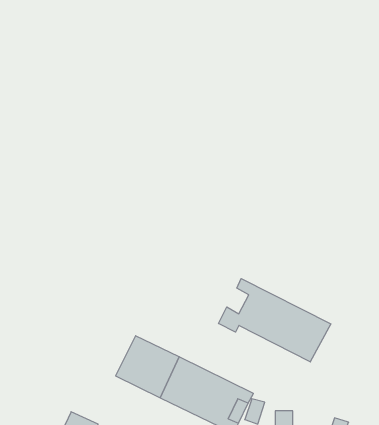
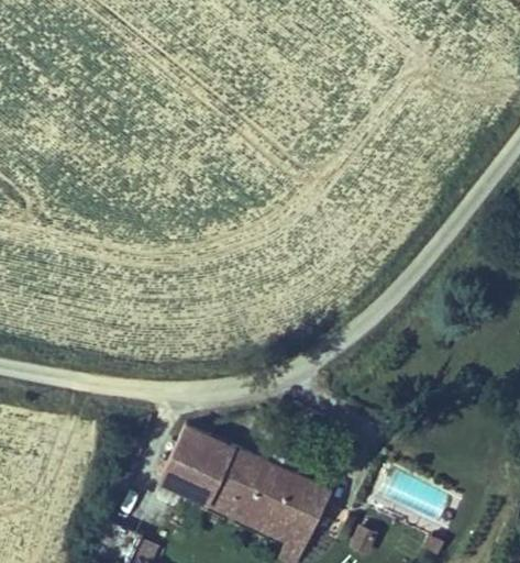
building: [219,279,331,362] -> none

